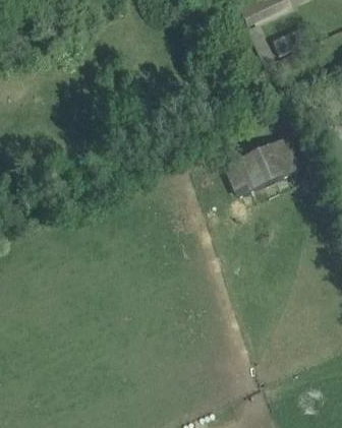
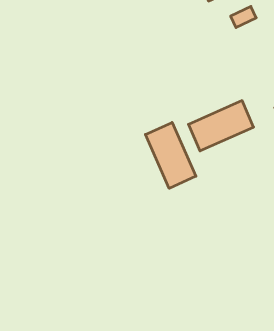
building: none -> [145,122,196,188]

